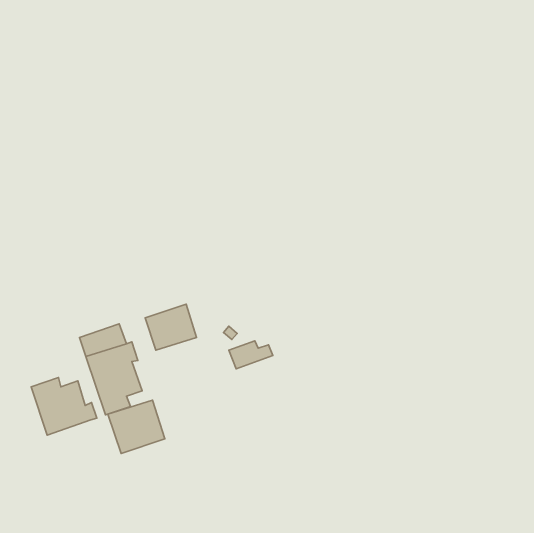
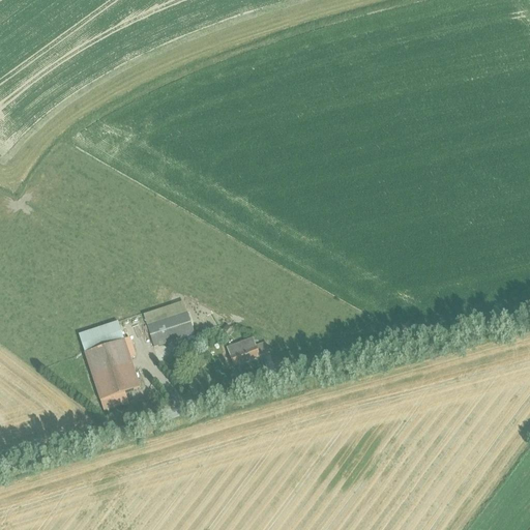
building: [31,378,97,435] -> none
building: [108,400,165,454] -> none

